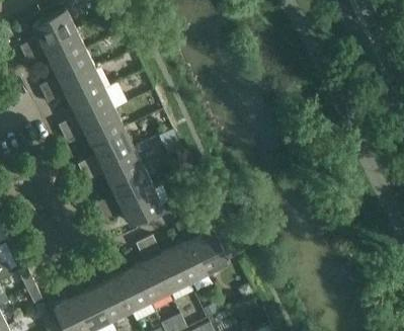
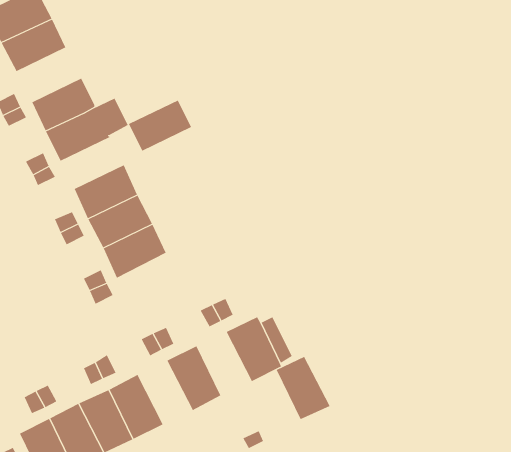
building: [52,51,95,87] -> none
building: [81,110,124,145] -> [128,100,192,151]
building: [118,187,177,230] -> none
building: [172,240,209,282] -> [276,356,330,420]
building: [133,259,169,302] -> none

